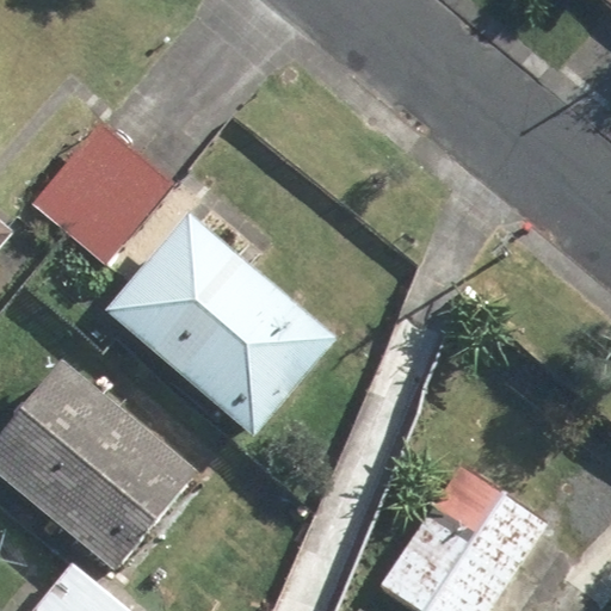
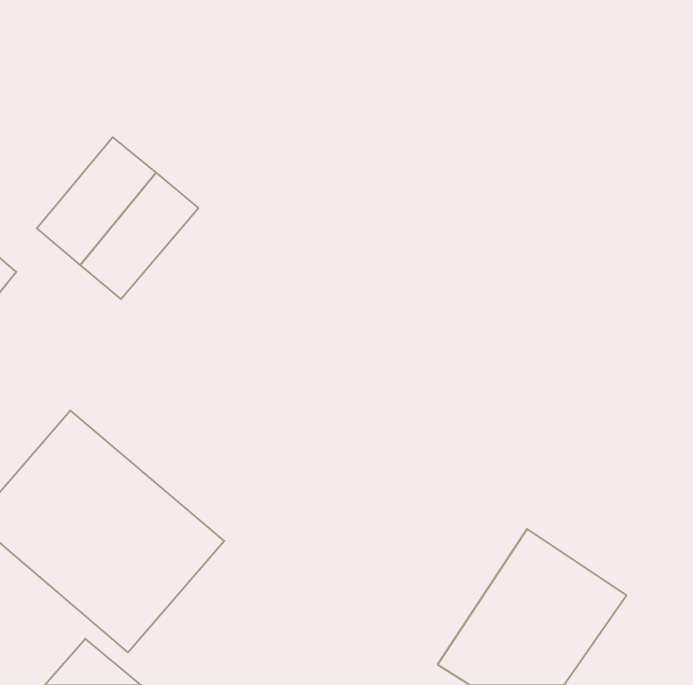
building: [104,212,339,440] -> none

